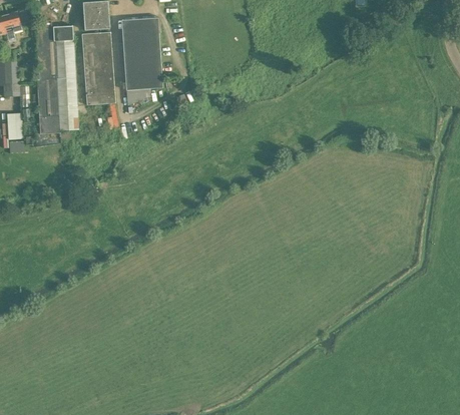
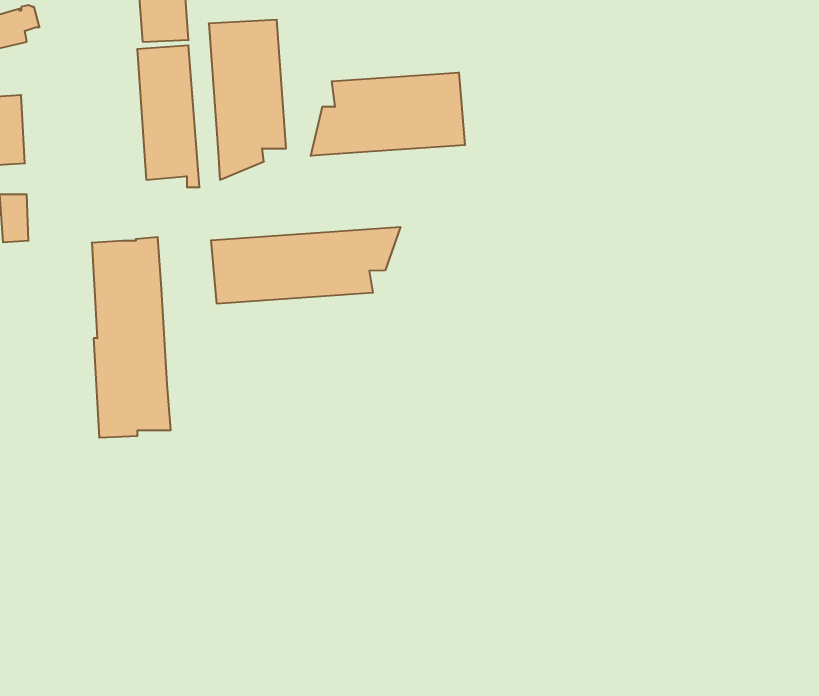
building: [35,25,78,134] -> [92,237,171,438]
building: none -> [311,72,465,156]
building: none -> [211,227,400,304]

